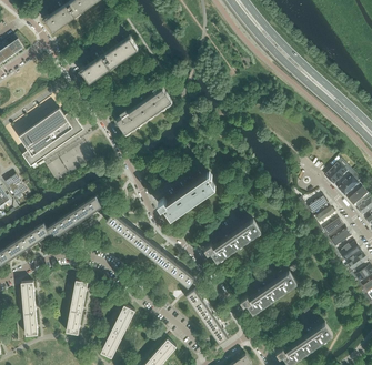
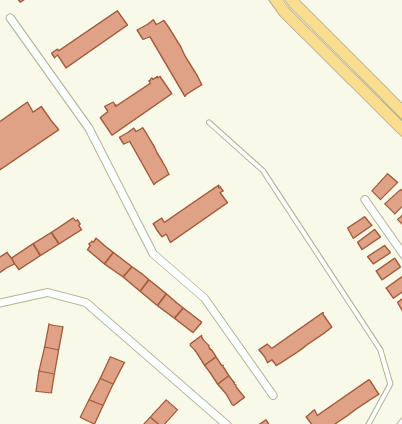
building: none -> [137,20,202,96]
building: none -> [120,128,169,185]
building: [203,221,260,262] -> none

